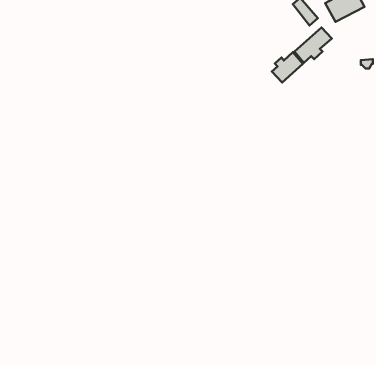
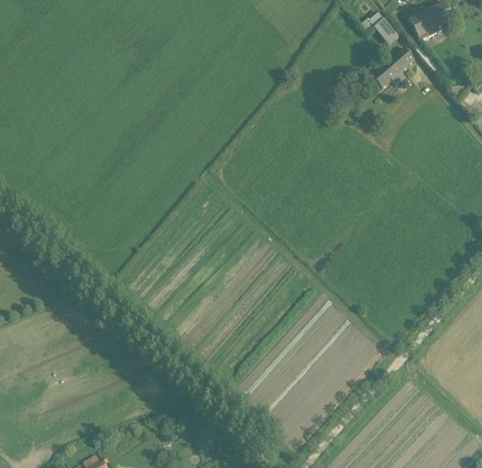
building: [272,52,303,82] -> none

